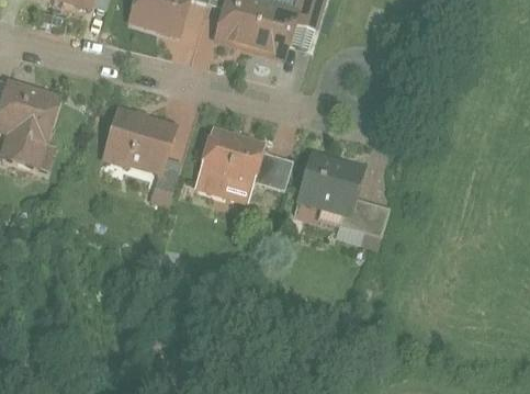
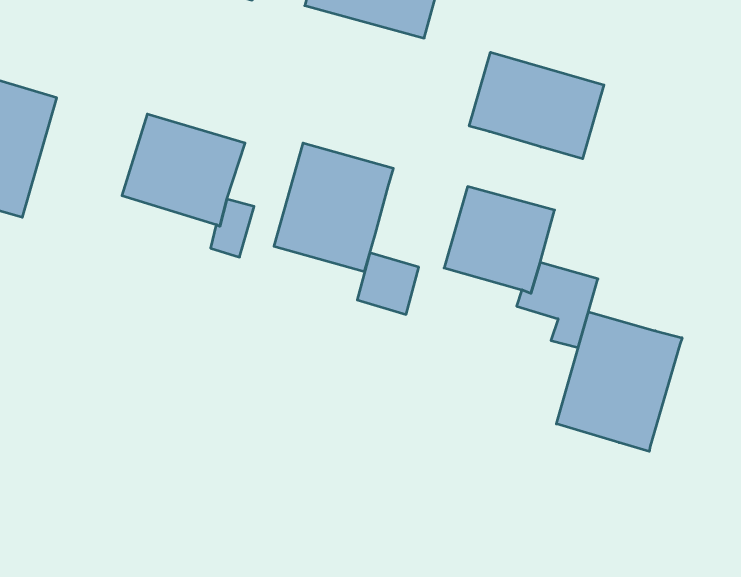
building: none -> [469,52,604,159]
building: [256,150,293,188] -> [357,253,419,314]
building: none -> [556,312,682,451]

